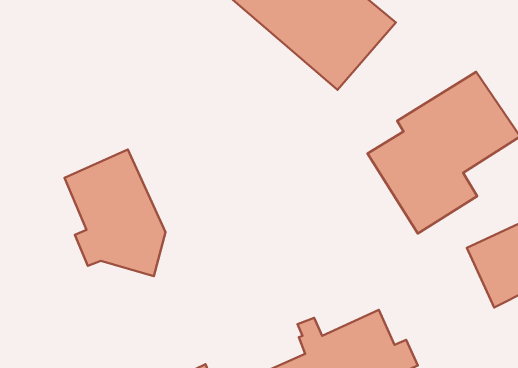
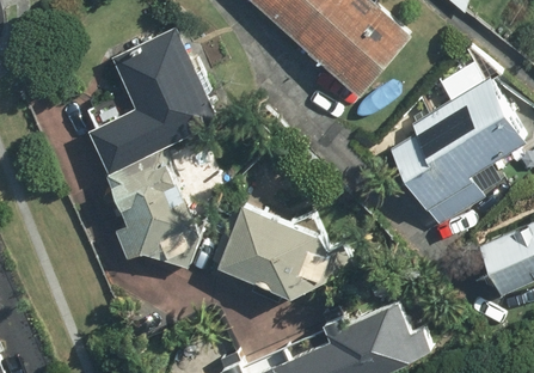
building: none -> [90,27,221,175]
building: none -> [216,206,355,299]

